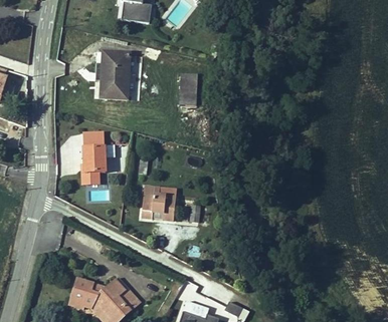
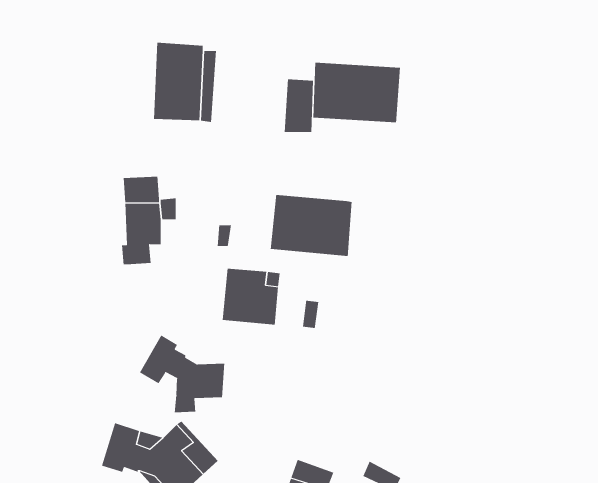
building: none -> [313,62,400,123]
building: none -> [270,194,352,257]
building: none -> [139,334,225,413]

